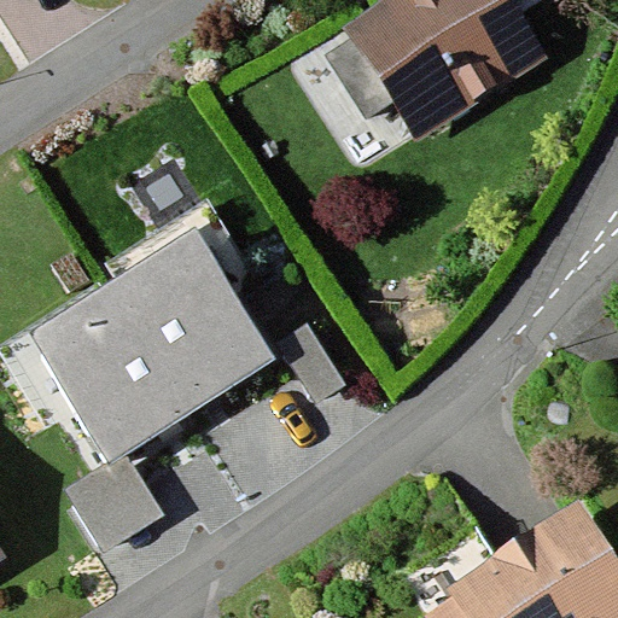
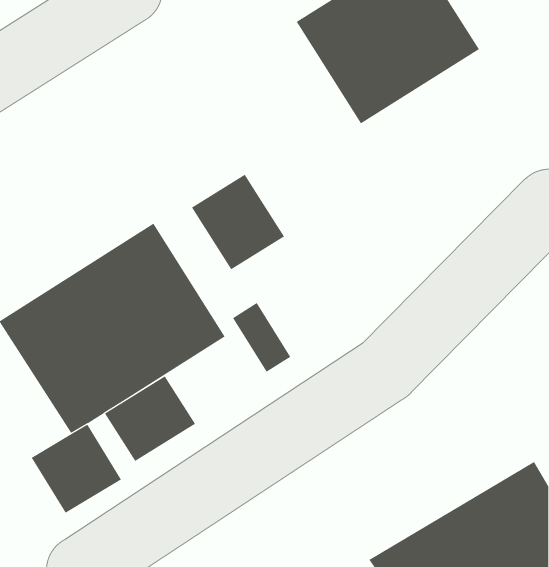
building: none -> [191,174,285,270]
building: none -> [104,375,196,462]

